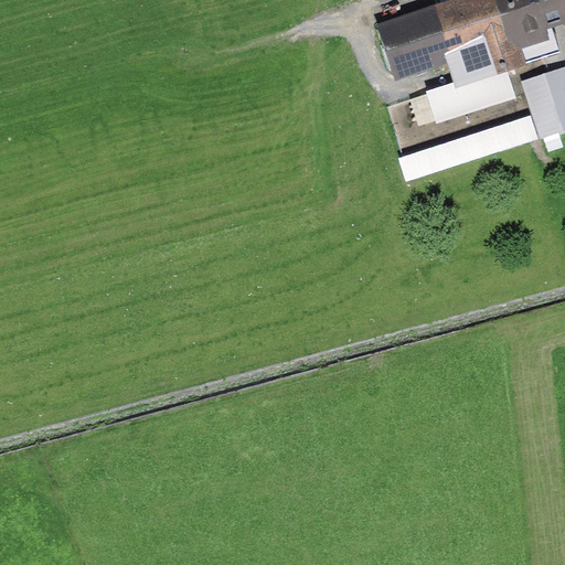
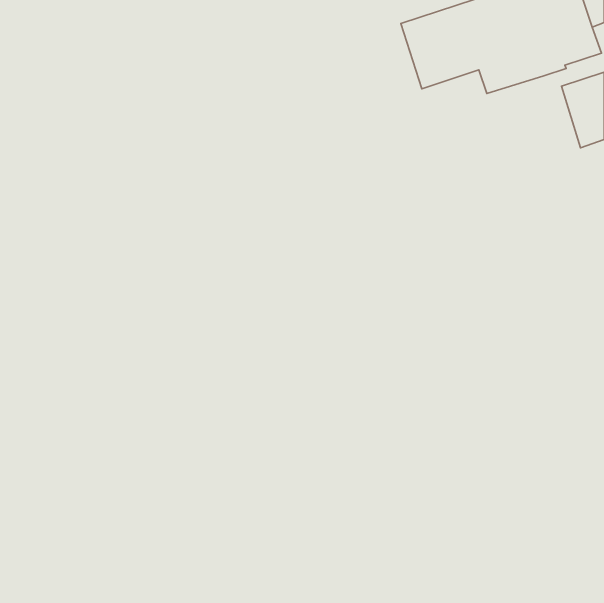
building: [428,71,515,122] -> none
building: [399,116,537,180] -> none

